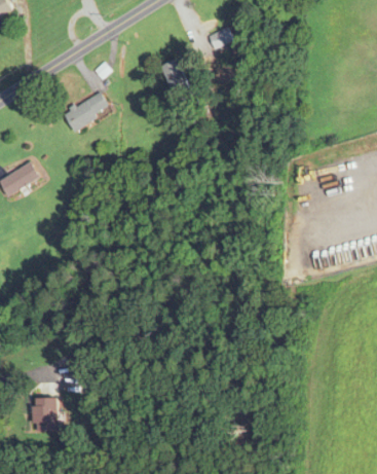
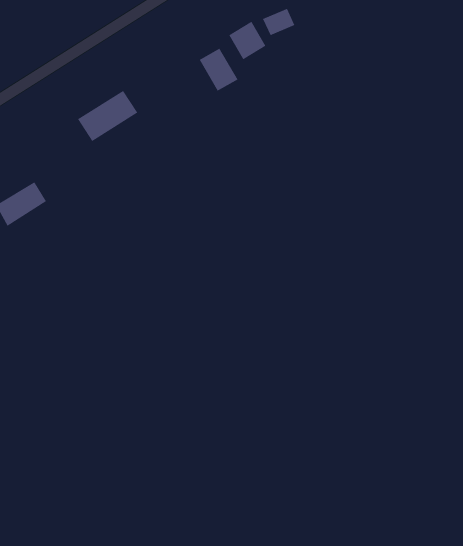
building: none -> [228,21,266,60]
building: [33,398,58,430] -> none

